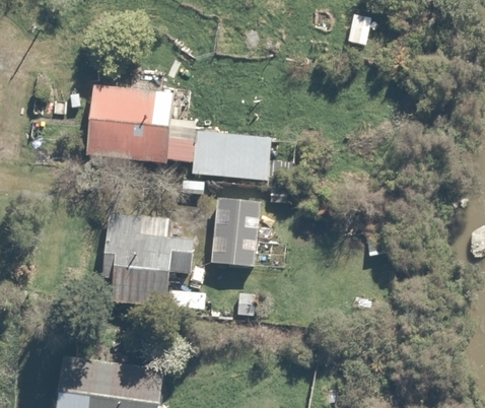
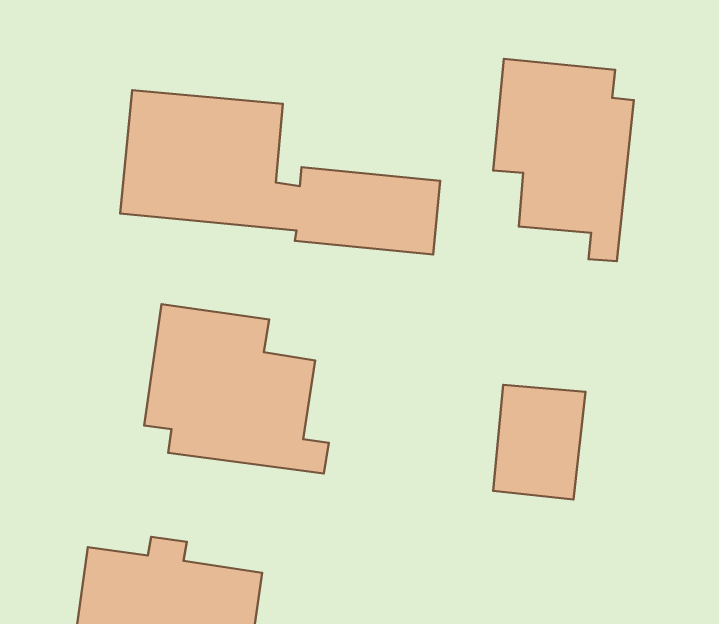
building: none -> [493,59,634,261]
building: [206,199,261,267] -> [493,385,585,499]

